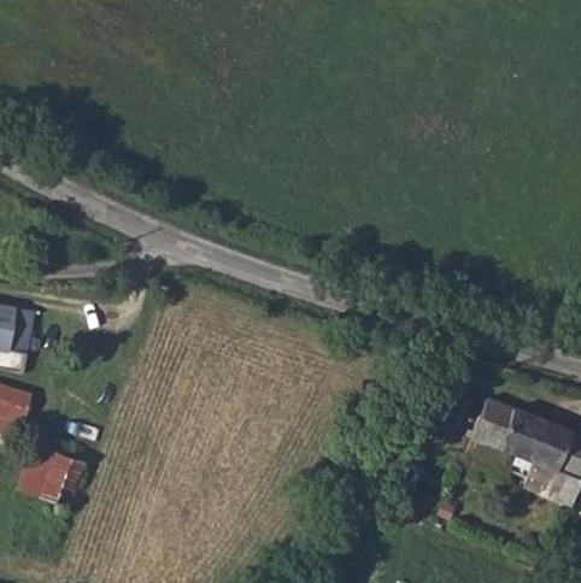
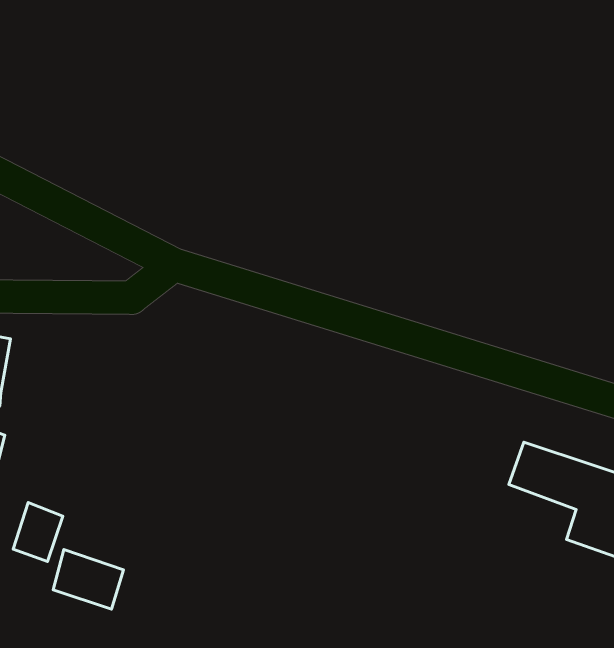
building: none -> [53,549,123,609]

